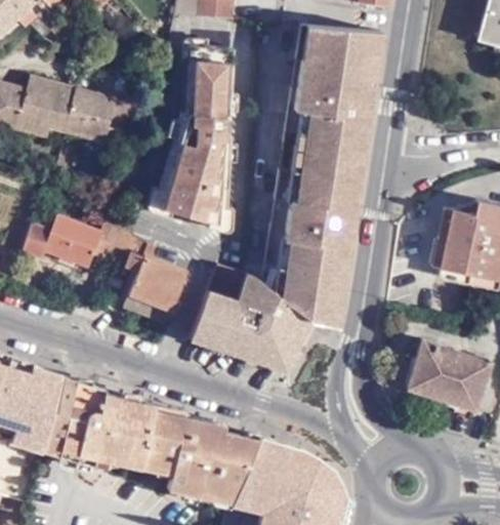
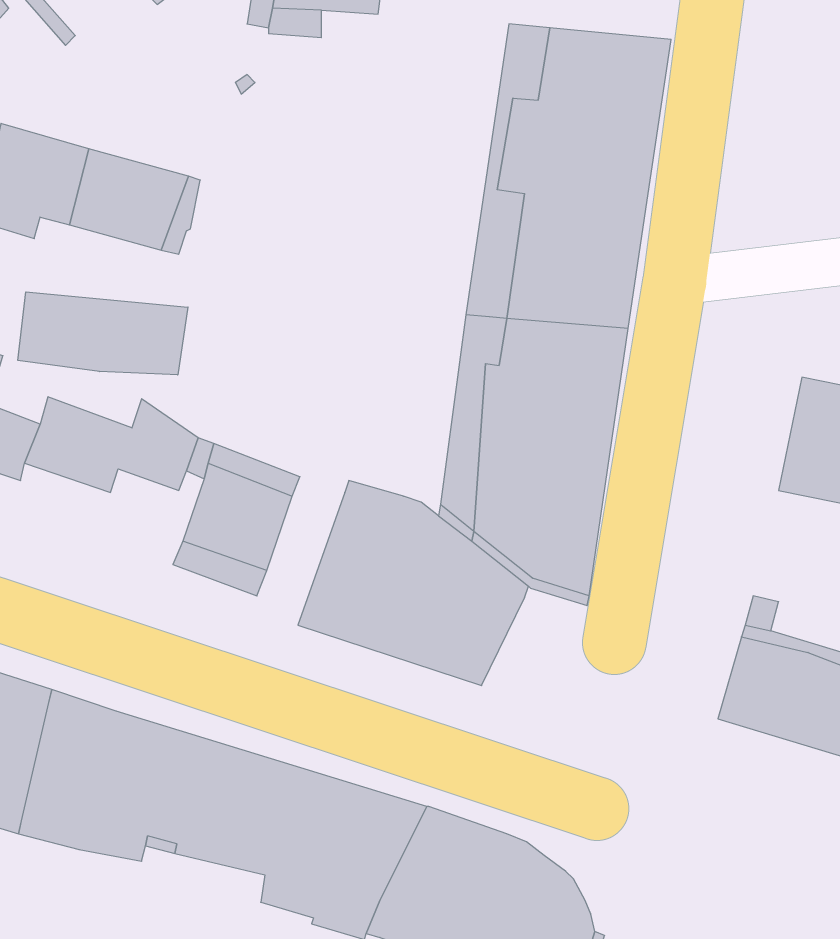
building: [154,46,233,228] -> none
building: none -> [18,292,188,375]

